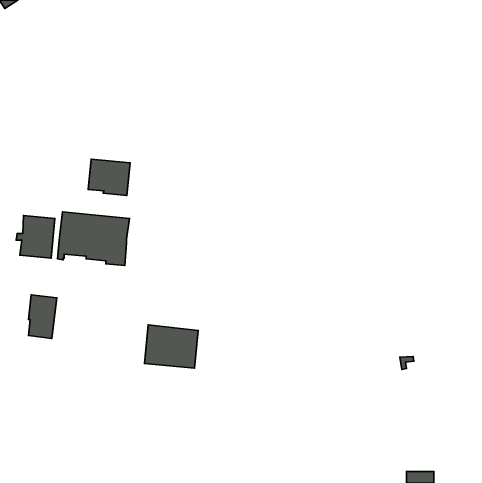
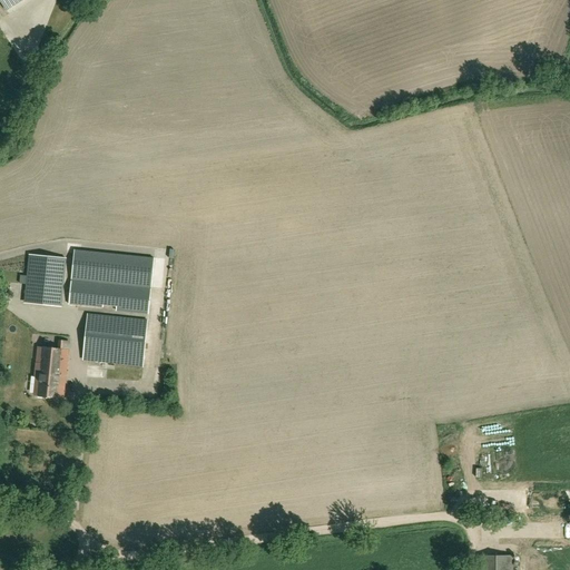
building: [88,159,130,196] -> none
building: [144,325,198,368] -> [82,314,146,365]

